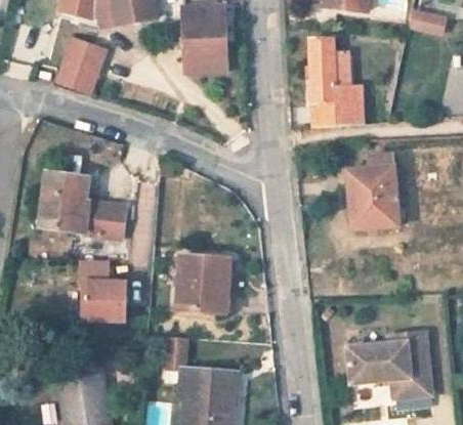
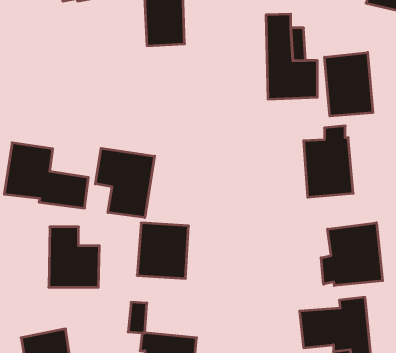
building: [58,40,106,92] -> none
building: none -> [325,52,373,116]
building: none -> [95,148,155,218]
building: none -> [321,223,383,286]

